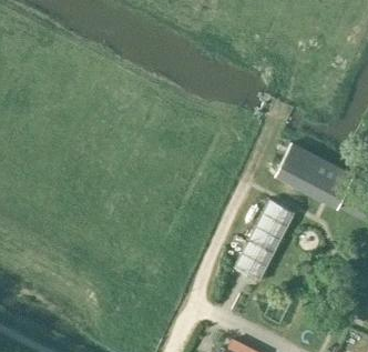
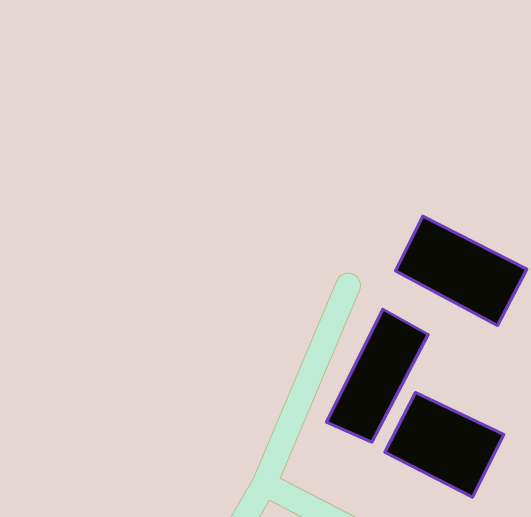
building: none -> [385,393,504,497]

